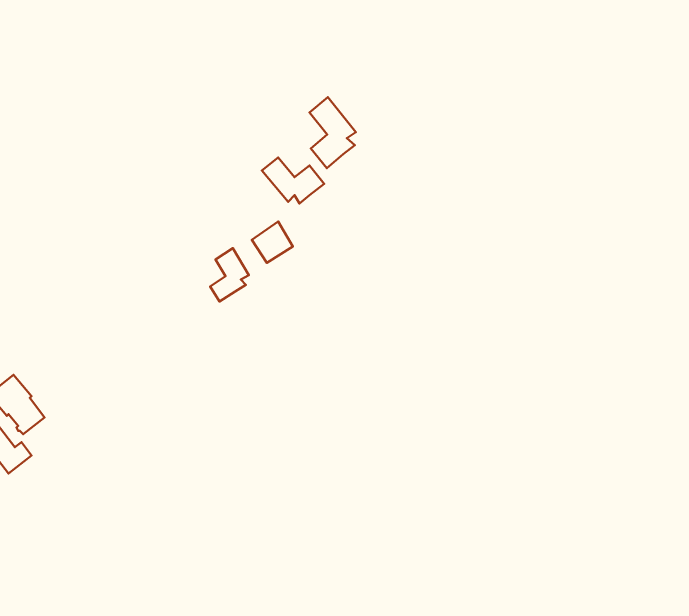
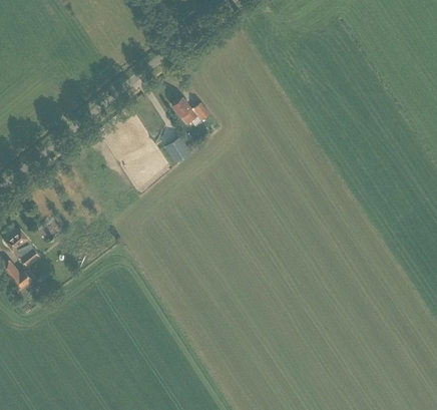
building: [309,97,356,168] -> none
building: [210,248,249,302] -> none

